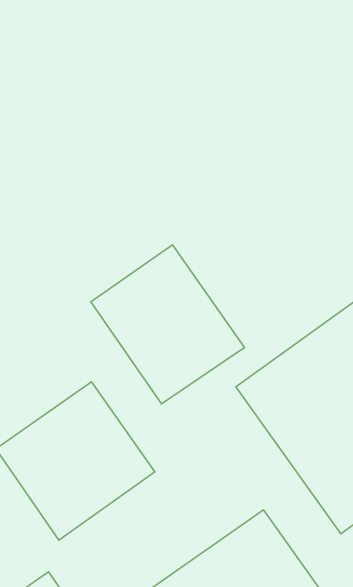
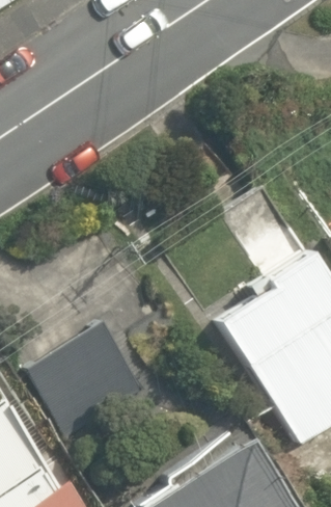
building: [91,245,244,404] -> none

